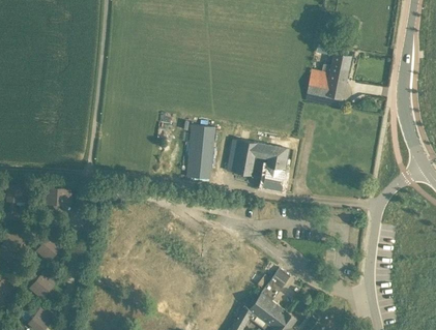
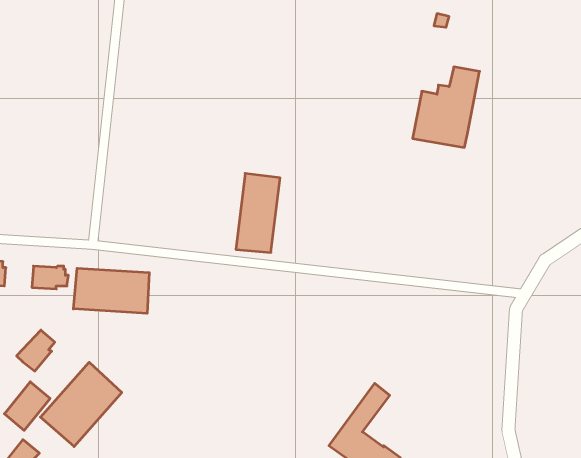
building: [228,142,289,192] -> none
building: none -> [73,268,149,313]
building: none -> [40,362,122,447]

